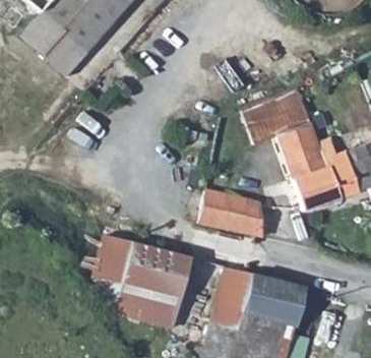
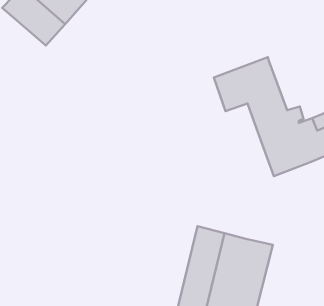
building: [199,190,264,237] -> none
building: [94,235,191,329] -> none

